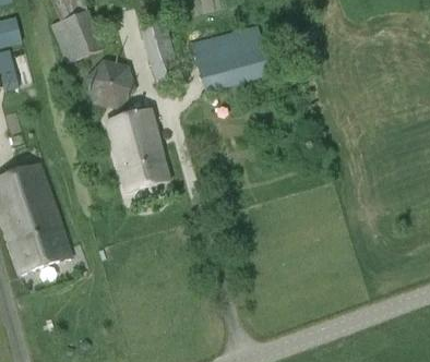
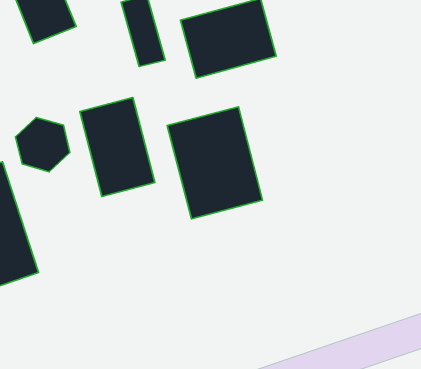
building: [87,59,133,105] -> [16,118,70,172]
building: none -> [167,107,263,219]

